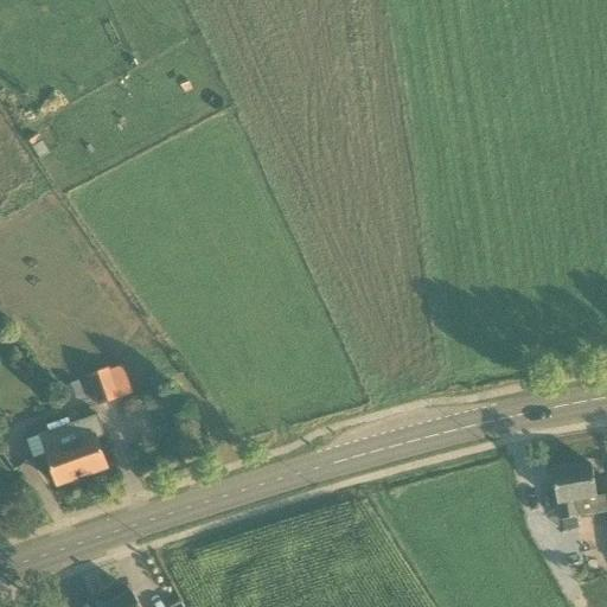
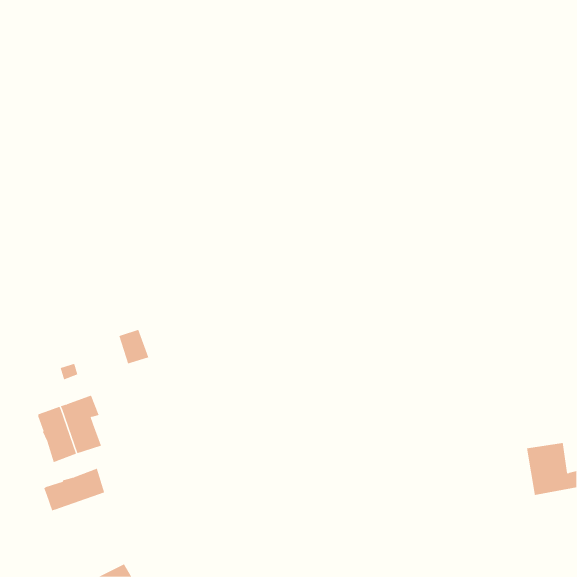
building: [87,368,119,404] -> [118,329,149,364]
building: none -> [44,468,105,511]

